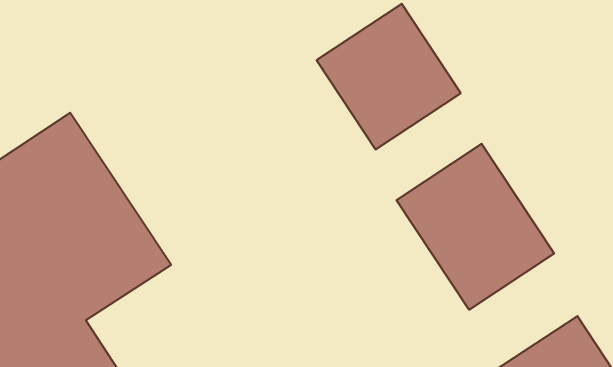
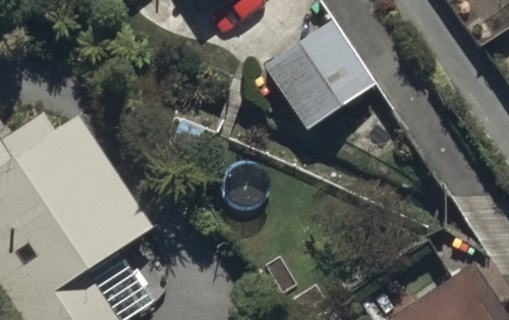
building: [397,144,554,310] -> none

